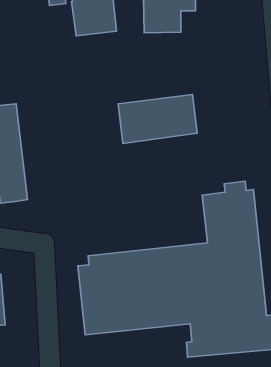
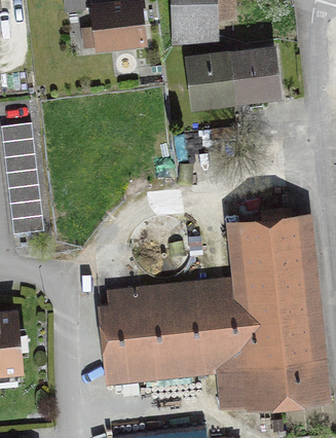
building: [118,95,197,143] -> [189,50,277,105]

